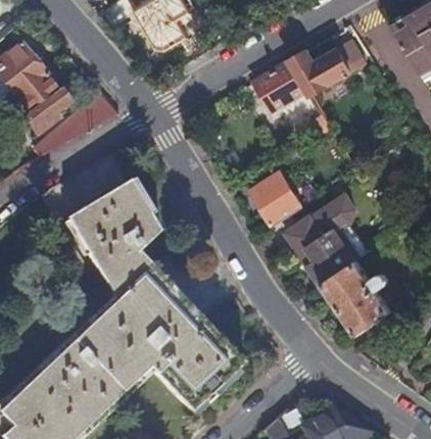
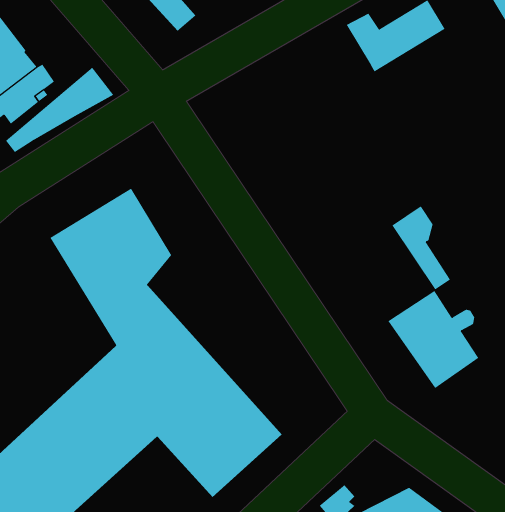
building: [255,58,309,110] -> none
building: [252,170,304,224] -> none
building: [288,210,358,283] -> none

